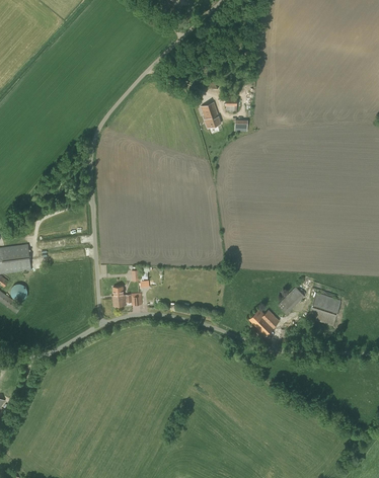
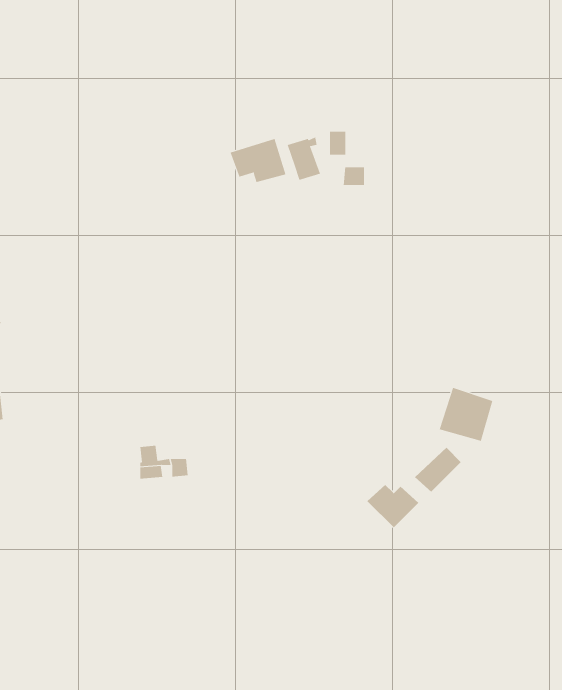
building: none -> [230,138,286,183]
building: [308,293,340,325] -> [439,387,493,441]

